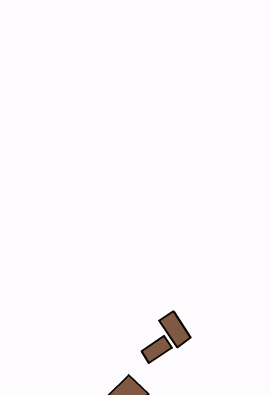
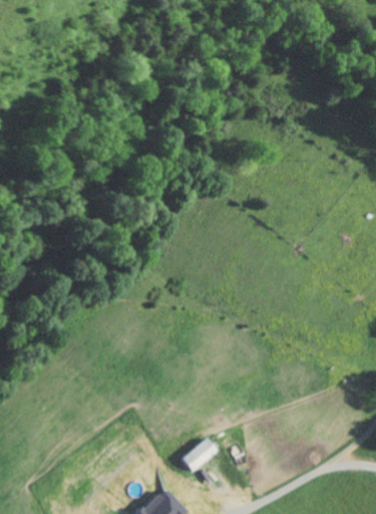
building: [159,311,191,347] -> none

